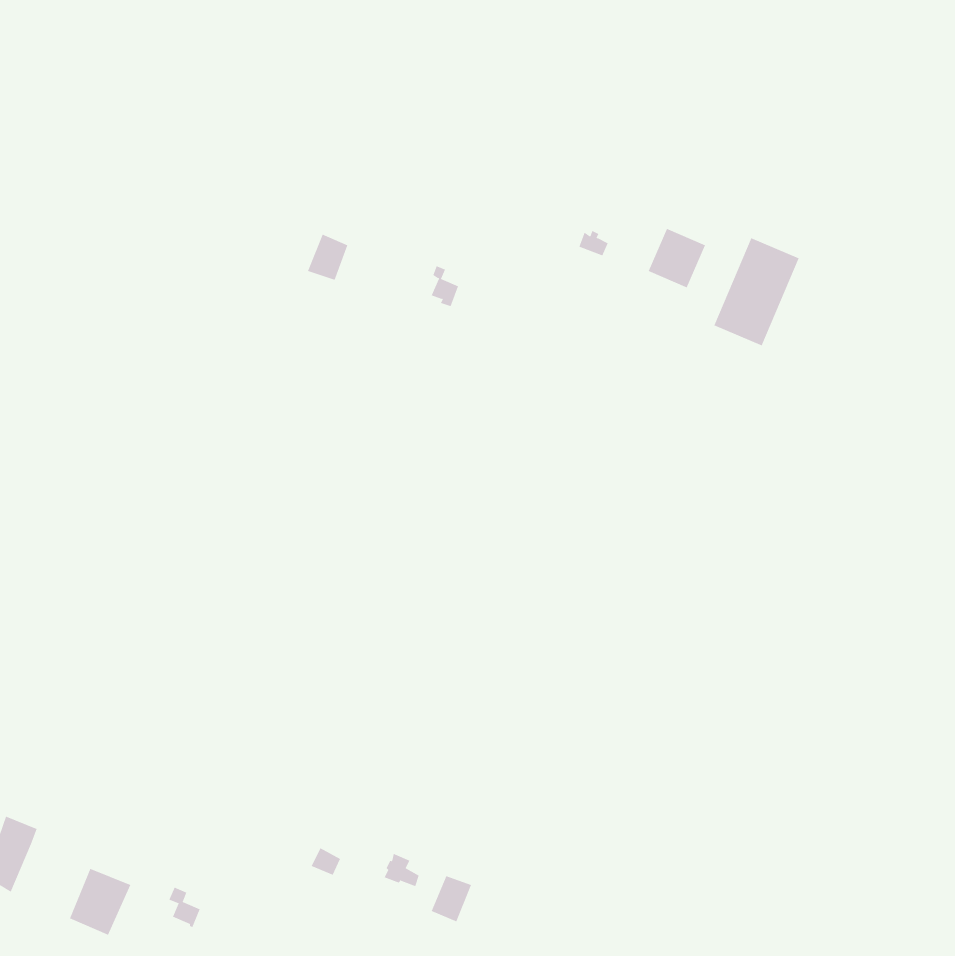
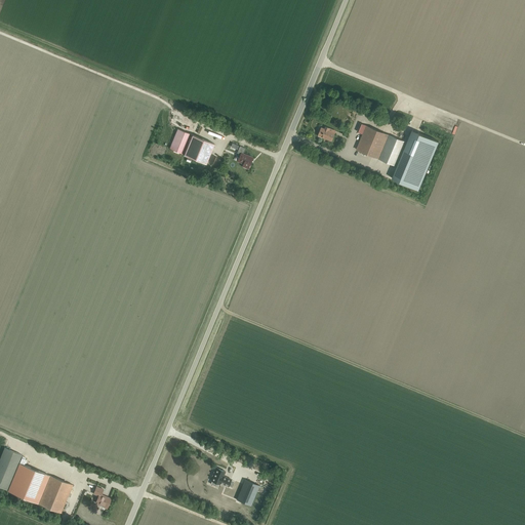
building: none -> [184,134,213,163]
building: none -> [376,134,404,165]
building: none -> [6,462,49,503]

